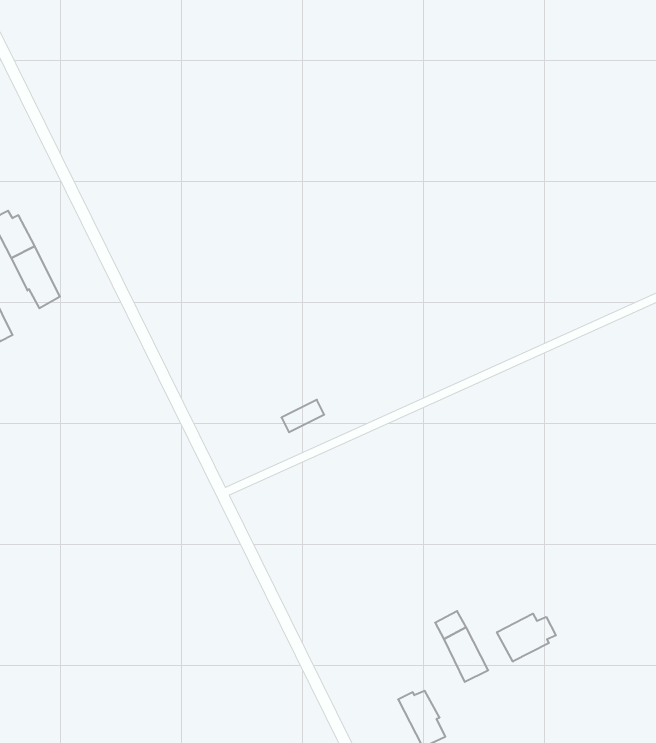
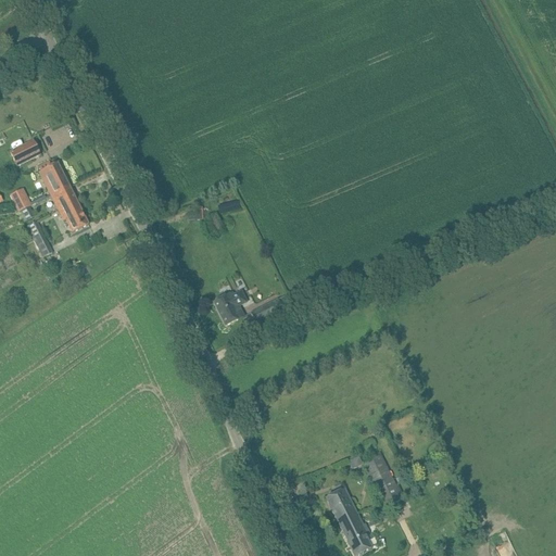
building: none -> [213,289,247,324]
building: [497,614,556,662] -> none
building: none -> [326,486,356,518]

